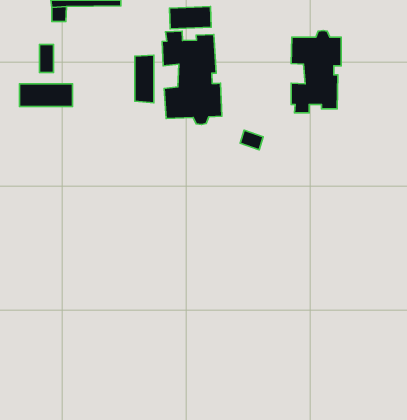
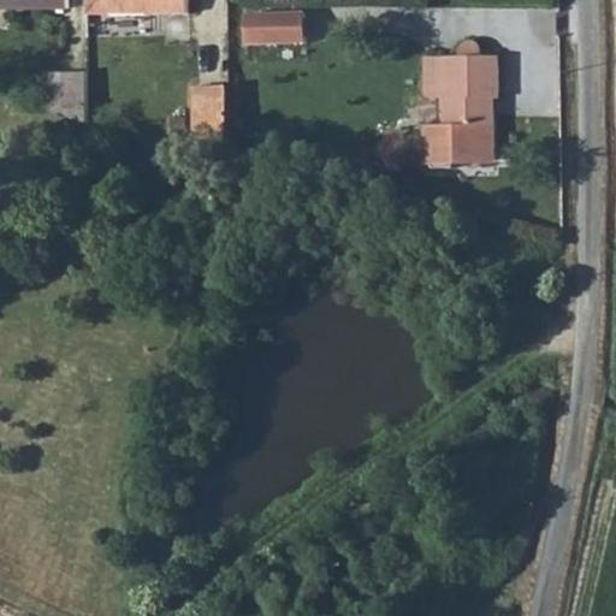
building: [162,31,222,125] -> none
building: [20,84,73,107] -> none

